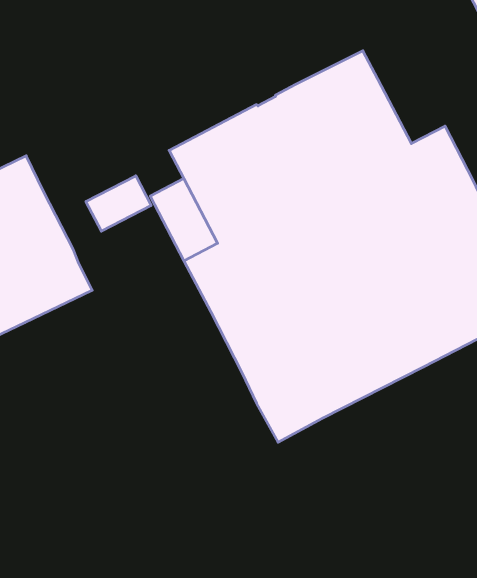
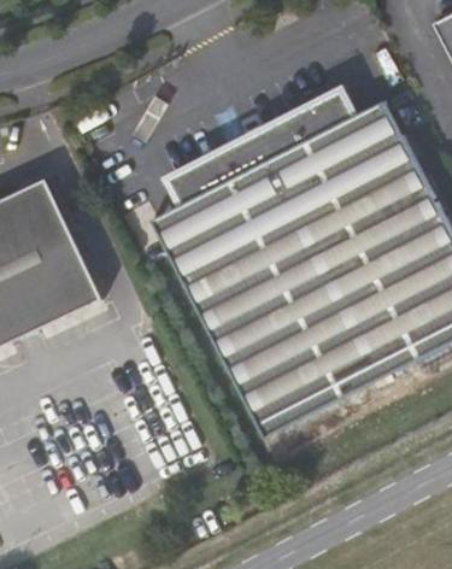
building: none -> [356,95,416,169]
building: [86,176,151,231] -> none

